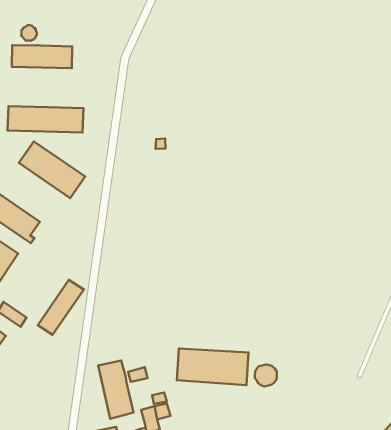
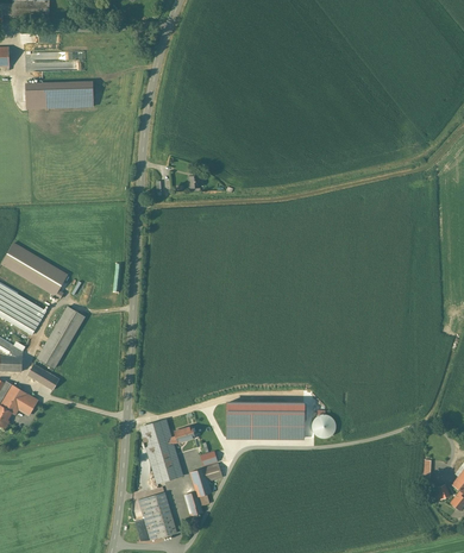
building: [7,106,83,132] -> none
building: [19,141,85,198] -> none
building: [38,280,84,335] -> [37,306,84,366]

